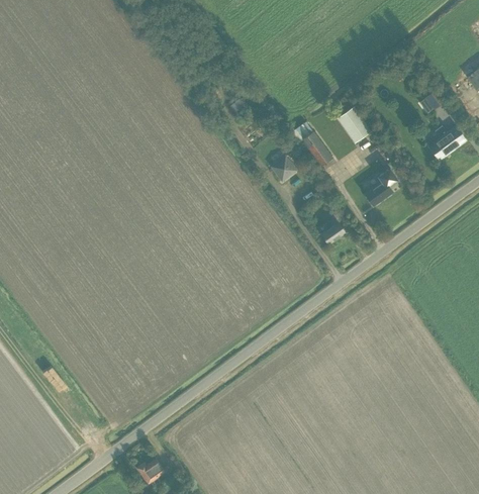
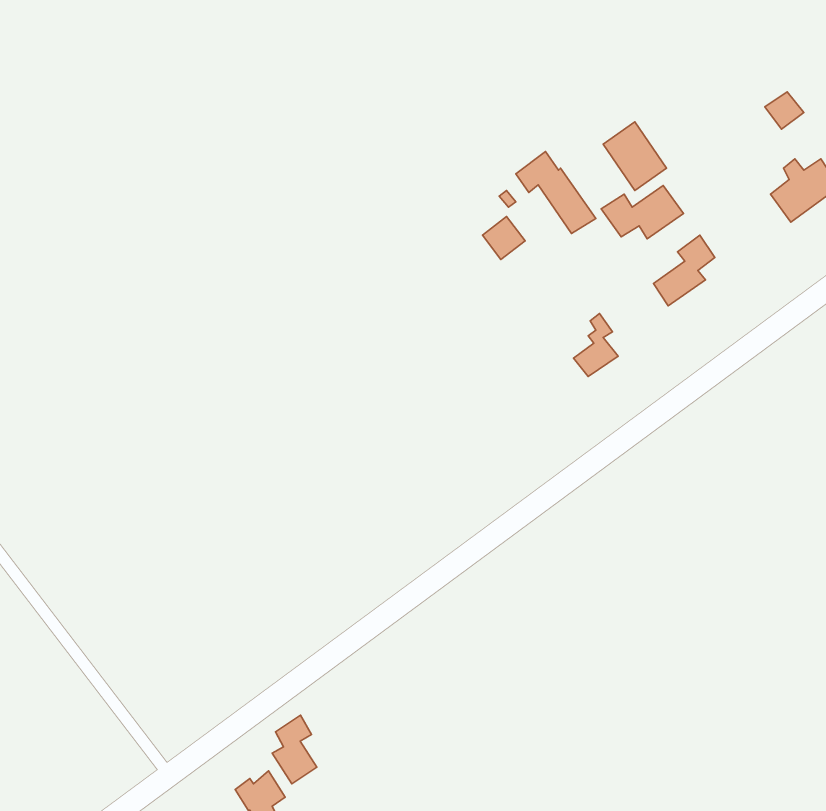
building: none -> [601,186,683,239]
building: none -> [272,715,317,784]

